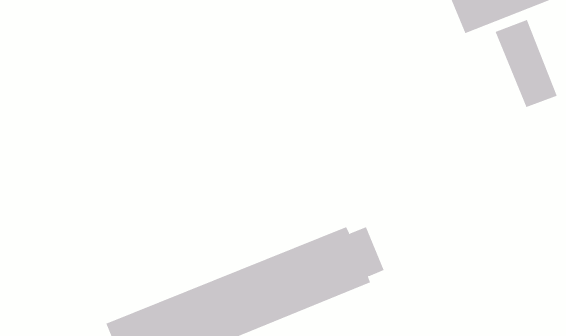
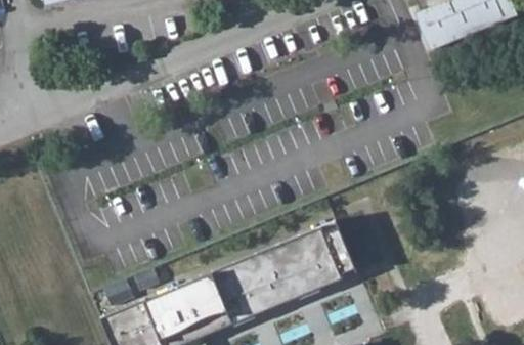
building: [495,19,558,108] -> none

